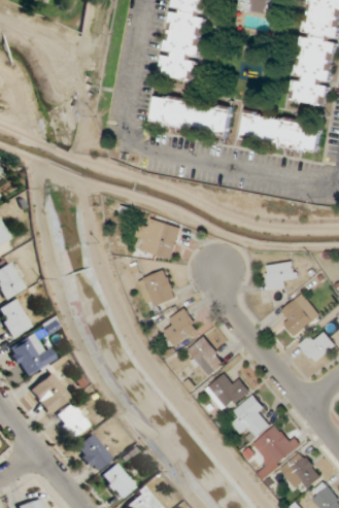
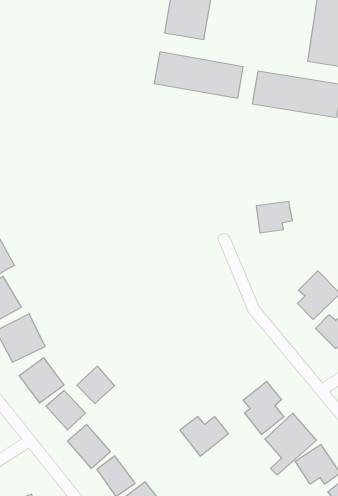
building: [135,218,180,260] -> none
building: [265,262,298,291] -> [256,201,292,233]
building: [140,271,175,308] -> none
building: [165,309,199,346] -> none
building: [185,338,226,377] -> none
building: [206,376,250,412] -> [180,417,228,456]
building: none -> [77,366,115,404]

